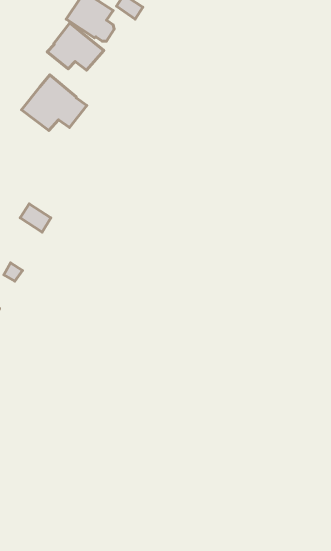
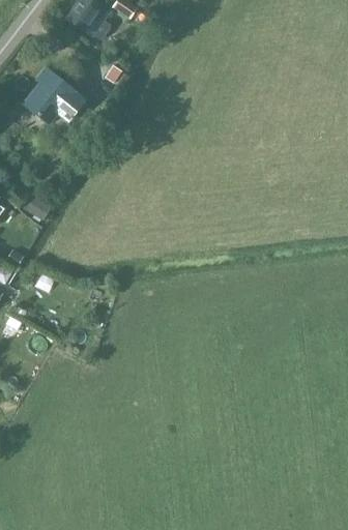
building: [47,23,104,70] -> none

